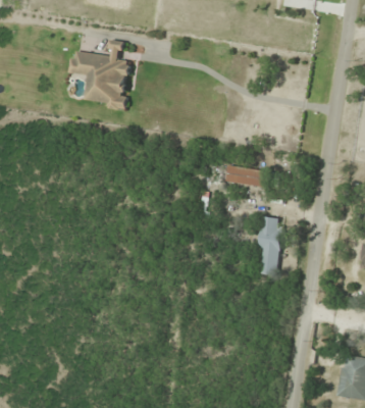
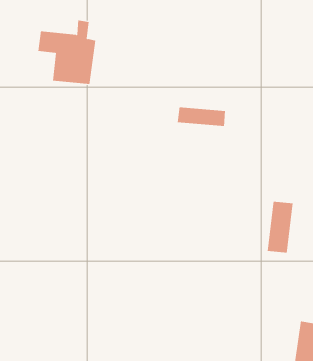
building: [224,166,275,187] -> [177,107,226,126]
building: [255,216,282,270] -> [267,201,293,253]

